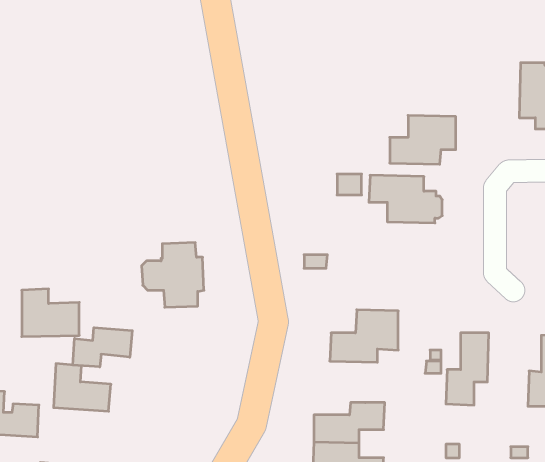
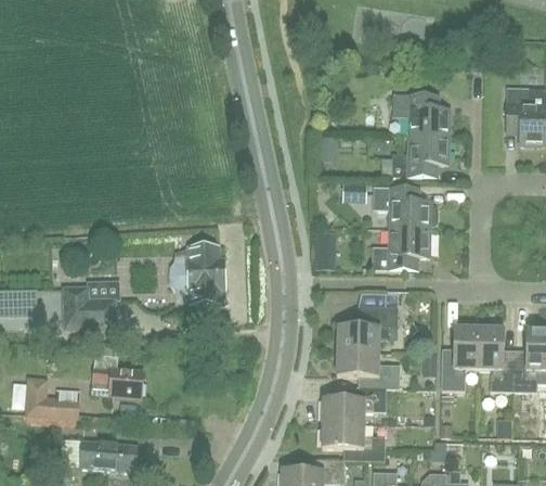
building: none -> [391,92,450,133]
building: none -> [372,227,430,268]
building: none -> [477,320,514,391]
building: [73,328,132,367] -> none
building: none -> [337,350,399,388]

